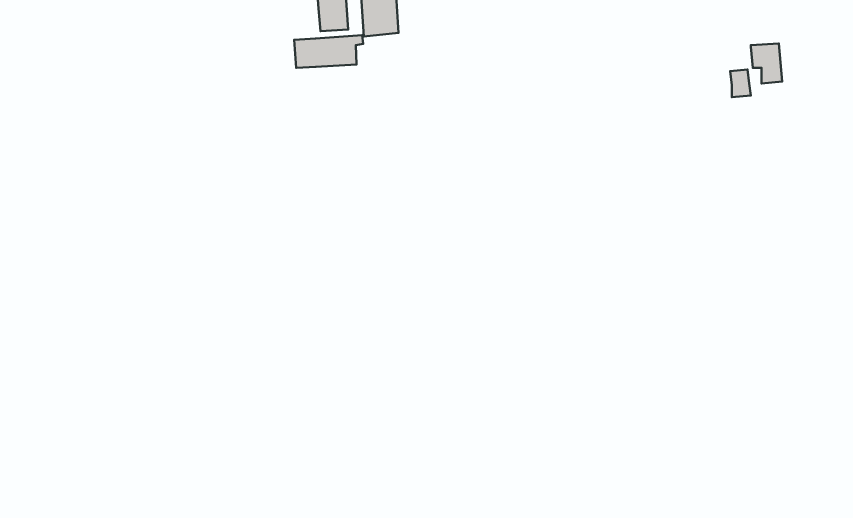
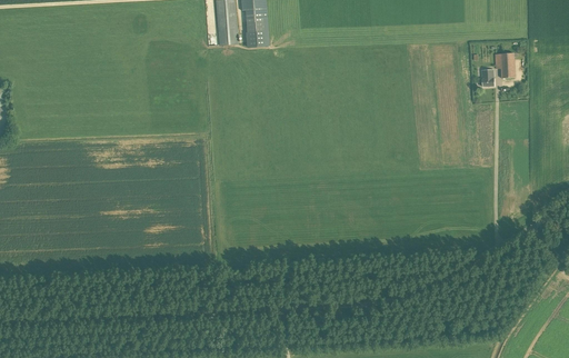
building: [294,35,363,68] -> none

